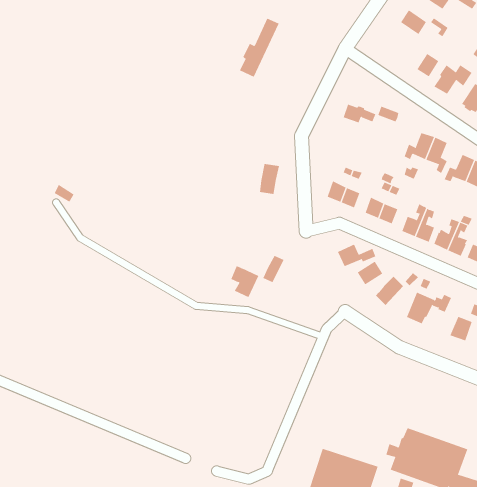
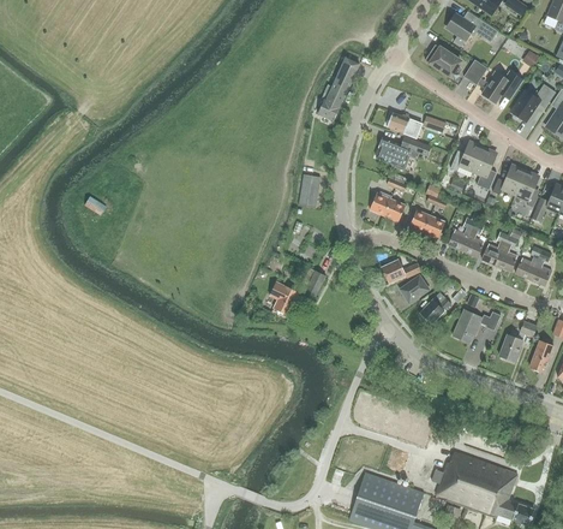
building: [239,18,279,77] -> [317,58,359,120]
building: none -> [425,43,460,76]
building: none -> [376,136,431,167]

